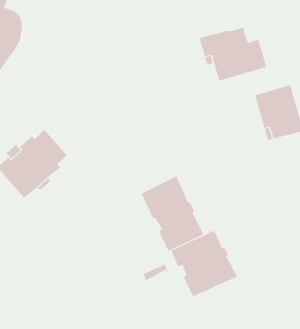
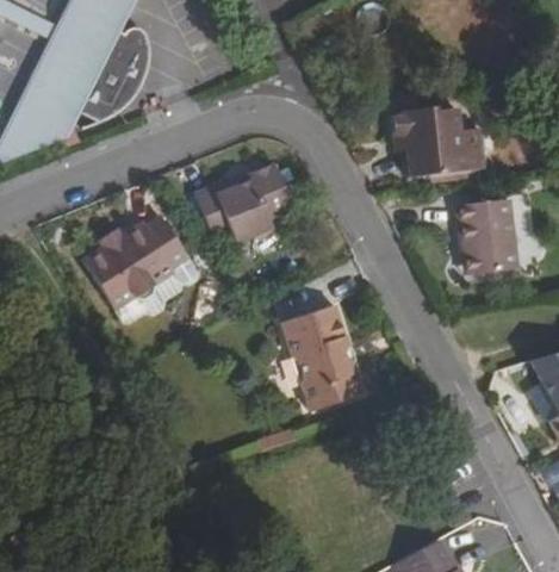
building: none -> [193,164,293,241]
building: [171,230,238,297] -> none

